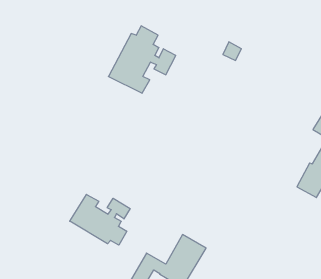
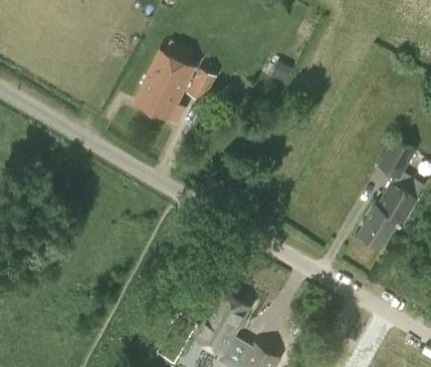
building: [70,194,130,245] -> none

